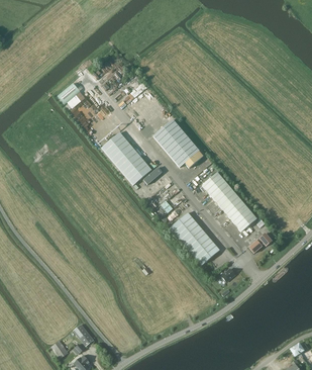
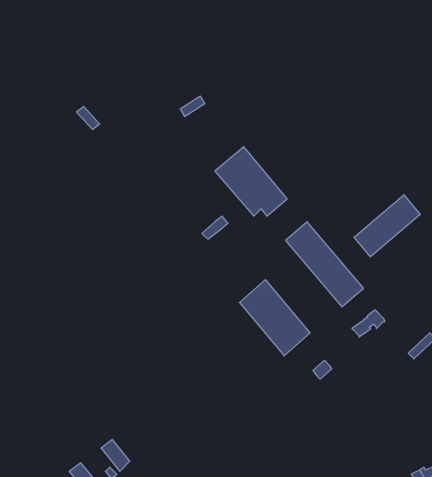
building: [101,132,151,185] -> none
building: none -> [354,195,420,257]

